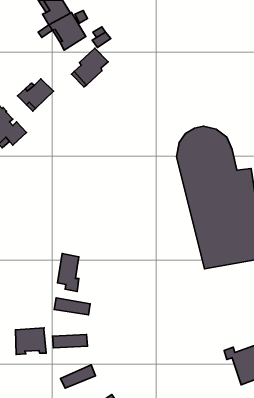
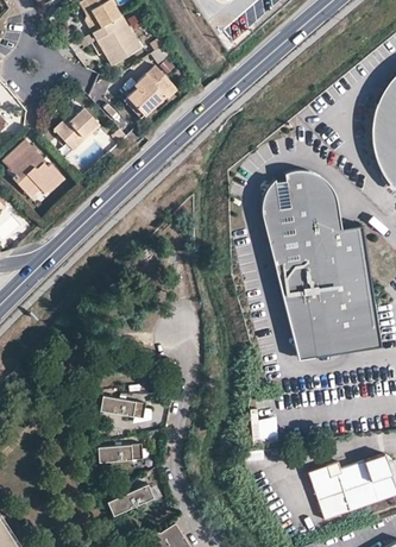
building: [58,253,79,291] -> none
building: [15,328,46,355] -> none
building: none -> [307,466,348,520]

